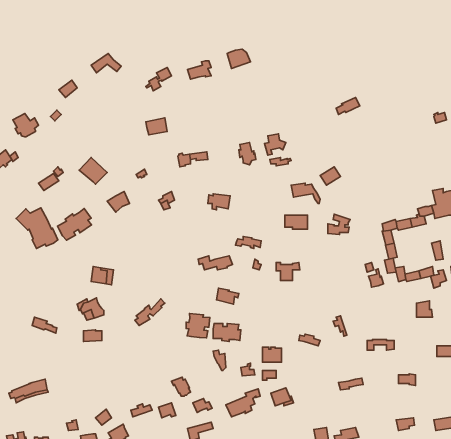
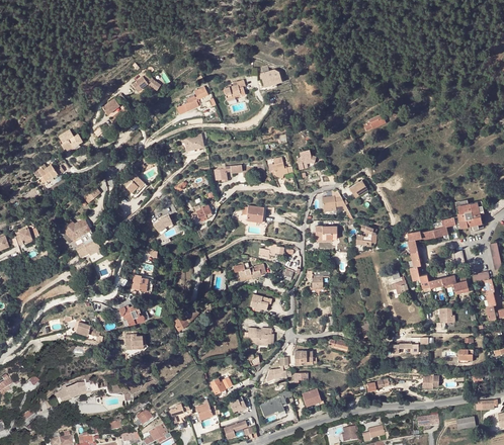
building: [57,208,92,240] -> none
building: [186,314,210,338] -> none

